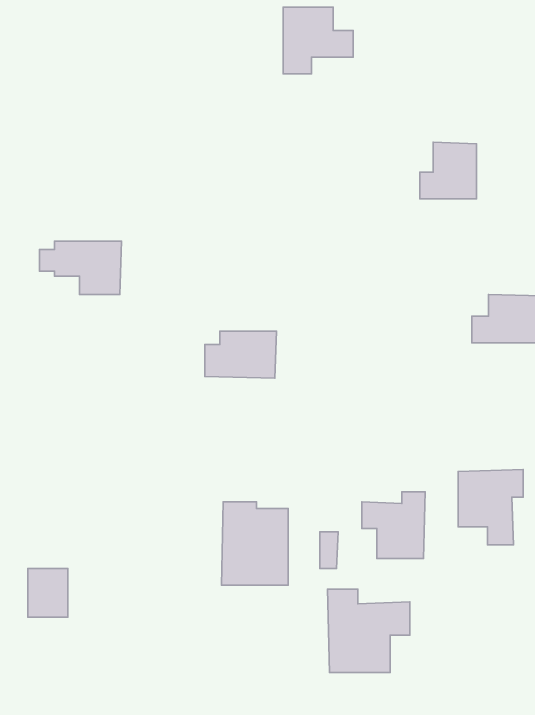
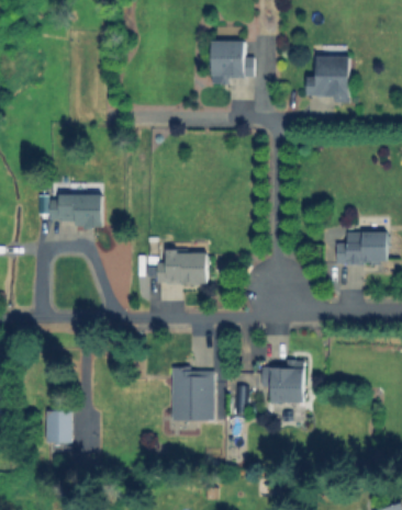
building: [420,142,477,199] -> [309,57,346,94]
building: [458,469,523,545] -> none
building: [327,589,410,673] -> none

